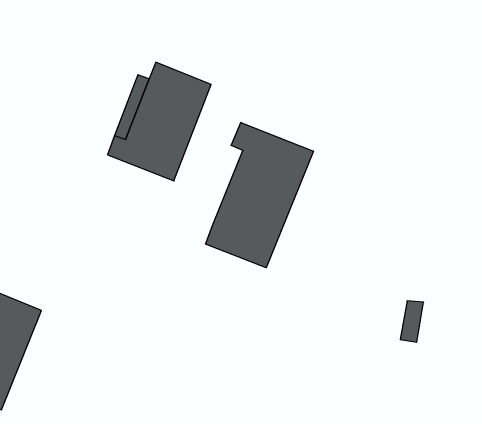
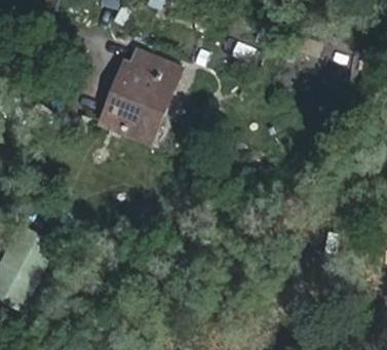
building: [206,122,313,268] -> none

